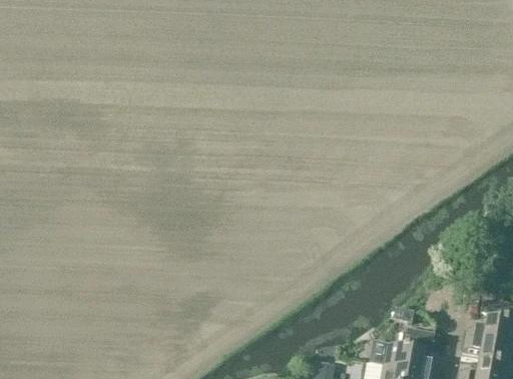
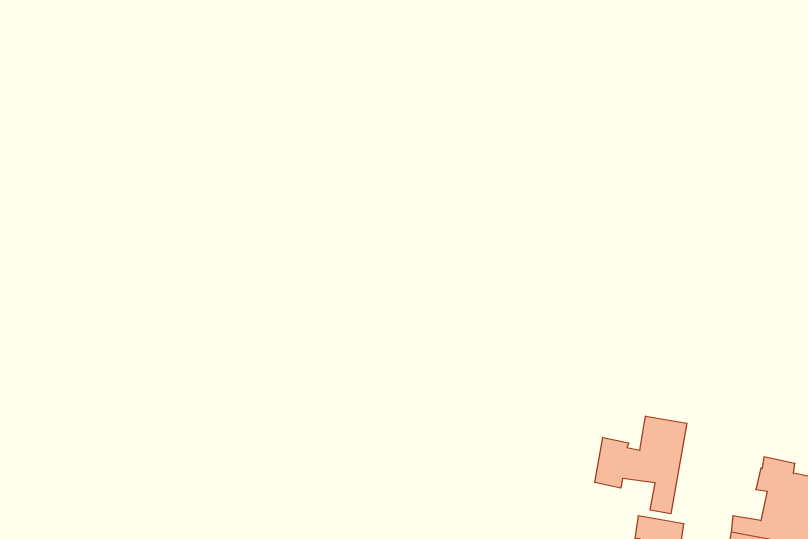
building: none -> [595,416,687,514]

